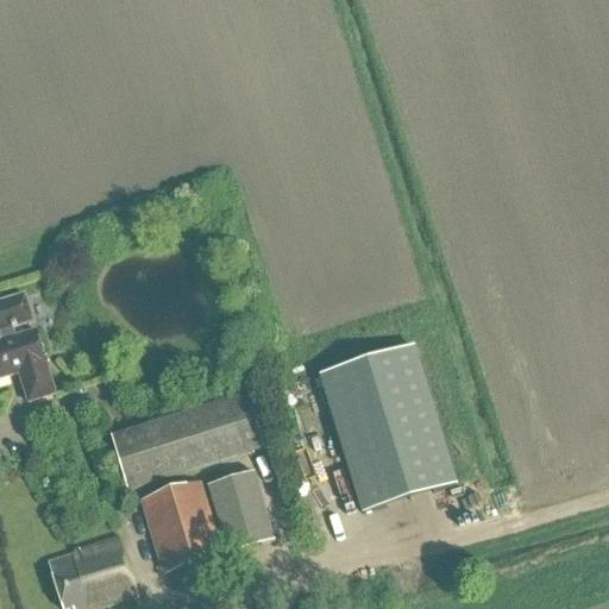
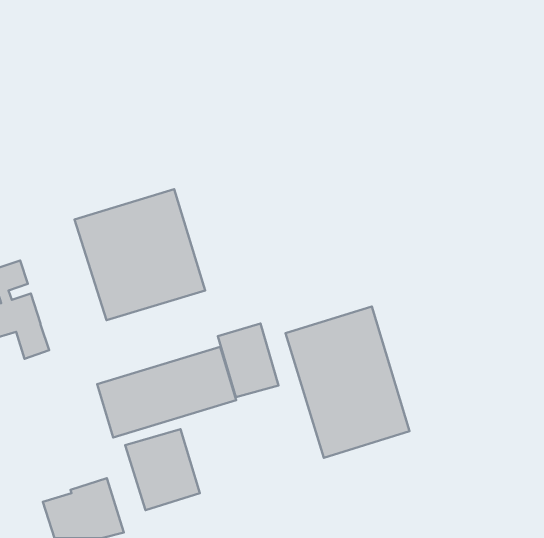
building: none -> [75,189,205,320]
building: [206,469,274,551] -> [218,323,279,397]

